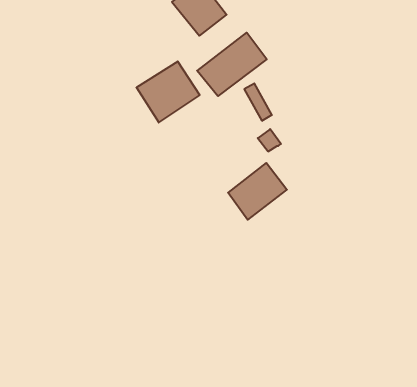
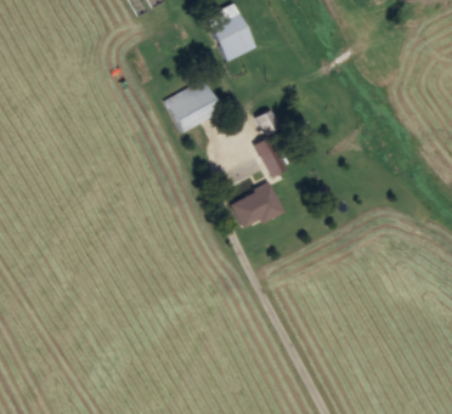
building: [197,33,267,96] -> none

